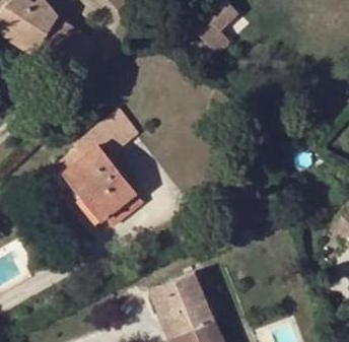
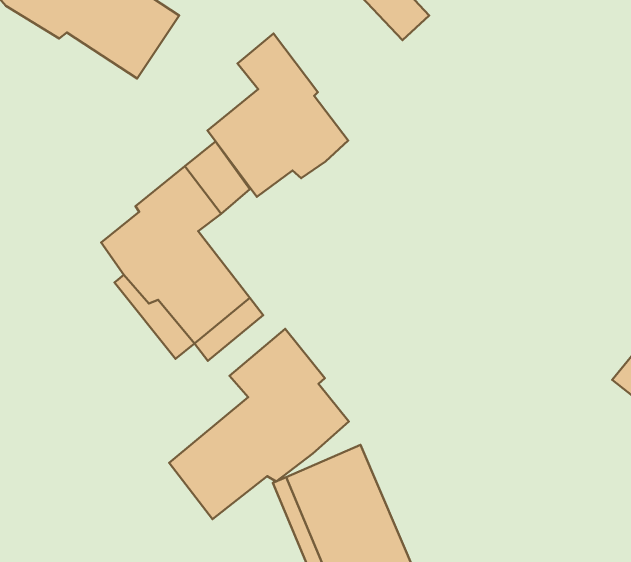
building: none -> [207,34,348,197]
building: none -> [169,329,349,519]

